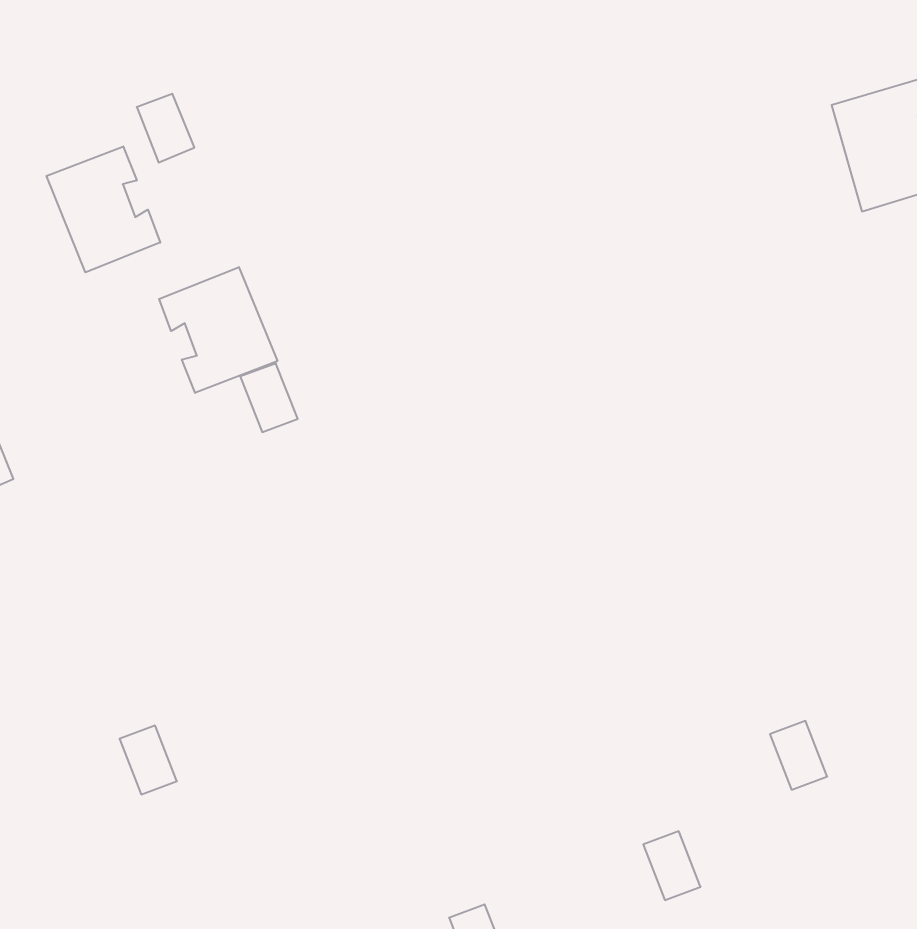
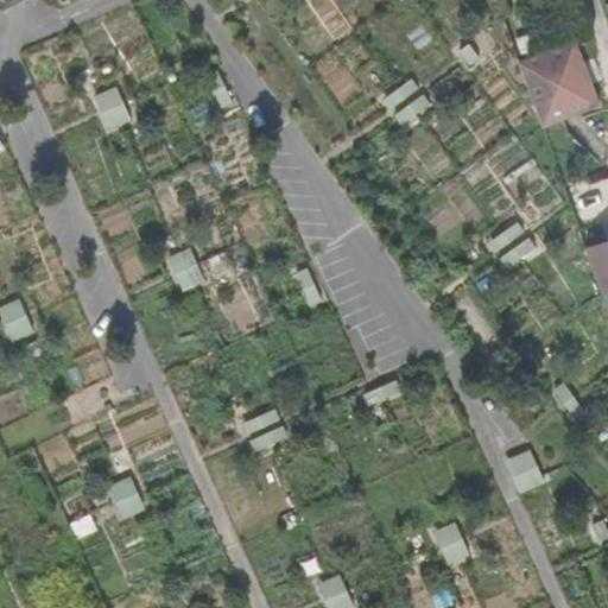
building: [46,146,160,272] -> none
building: [159,267,277,393] -> none

